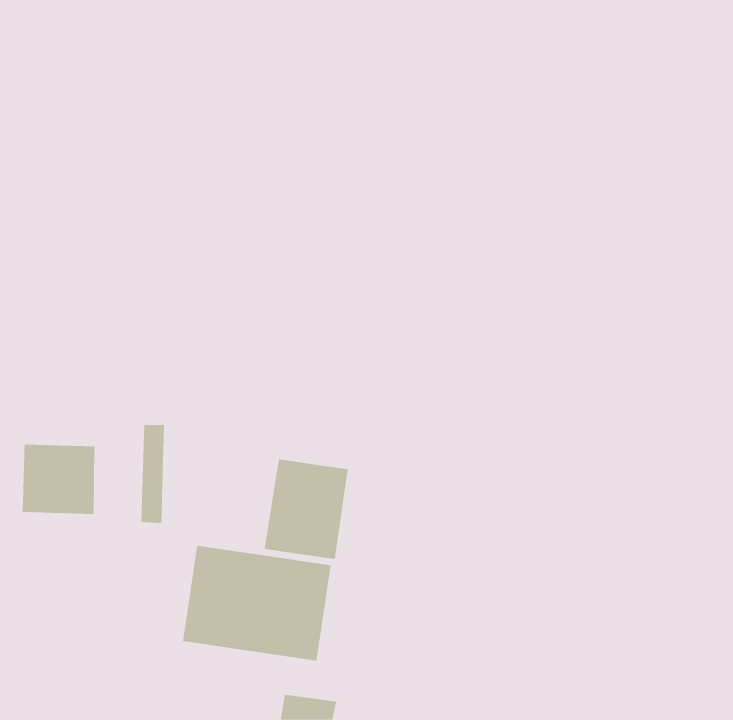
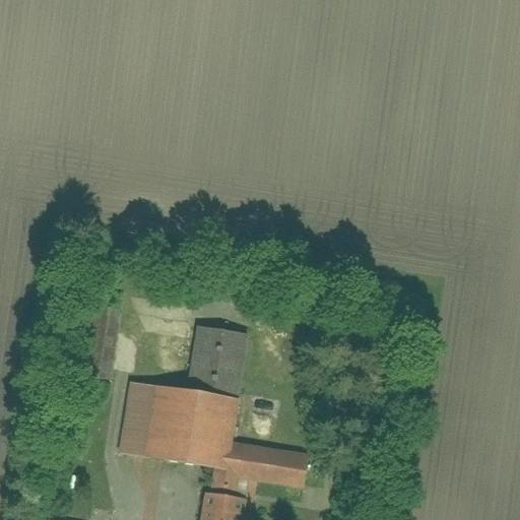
building: [22,444,95,515] -> none
building: none -> [226,441,306,486]

